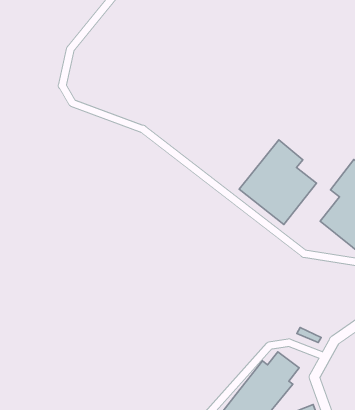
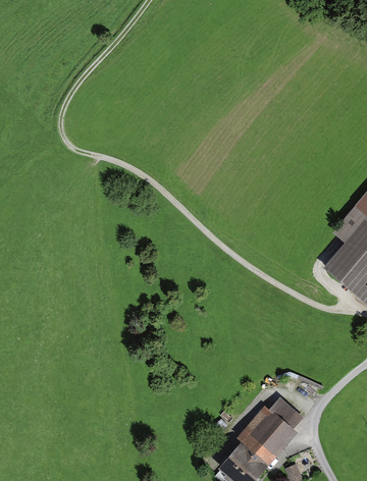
building: [239,140,316,225] -> none

